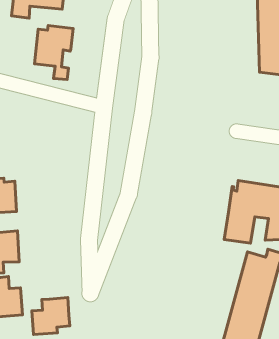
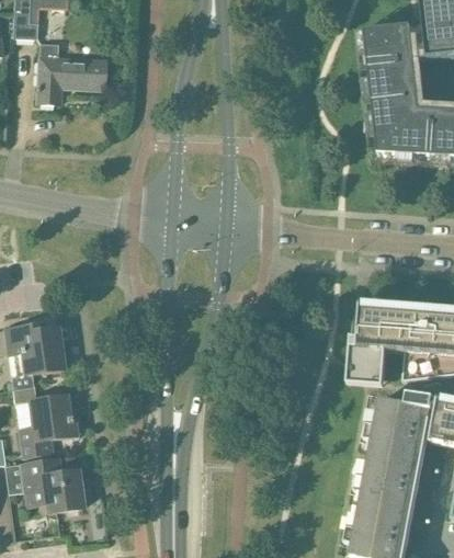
building: [34,26,73,79] -> none
building: [32,298,70,334] -> none

